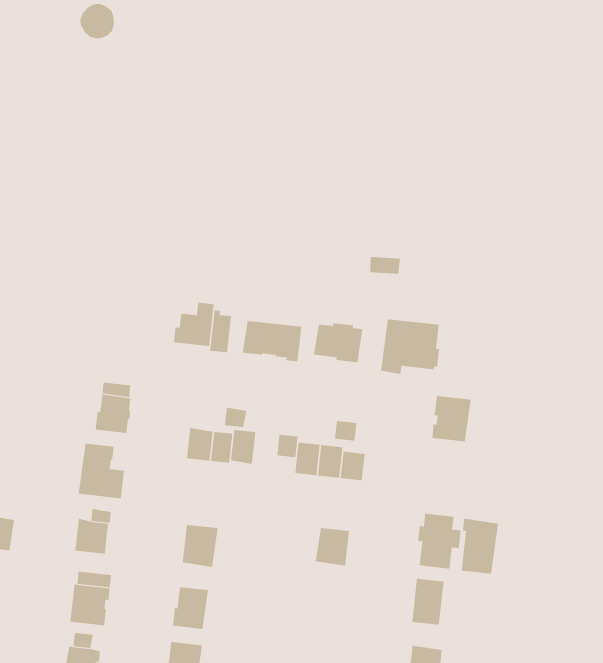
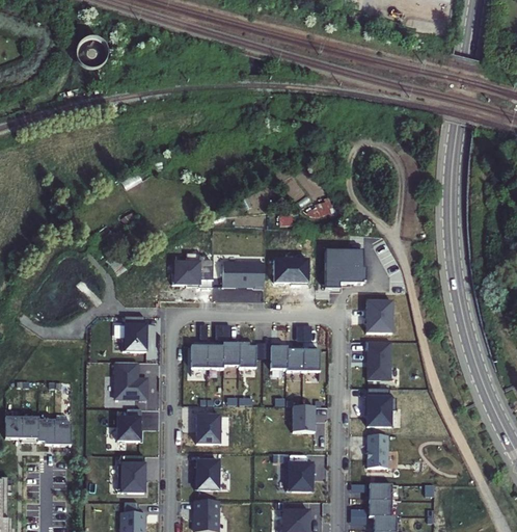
building: none -> [240,344,256,368]
building: [461,518,499,574] -> [366,340,392,378]
building: none -> [287,462,315,490]

